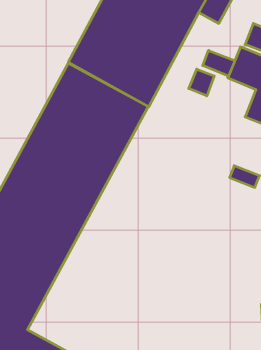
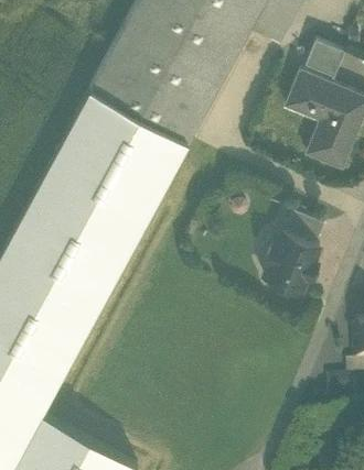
building: [203,50,235,76] -> none
building: [189,69,214,96] -> none
building: none -> [259,227,321,289]

